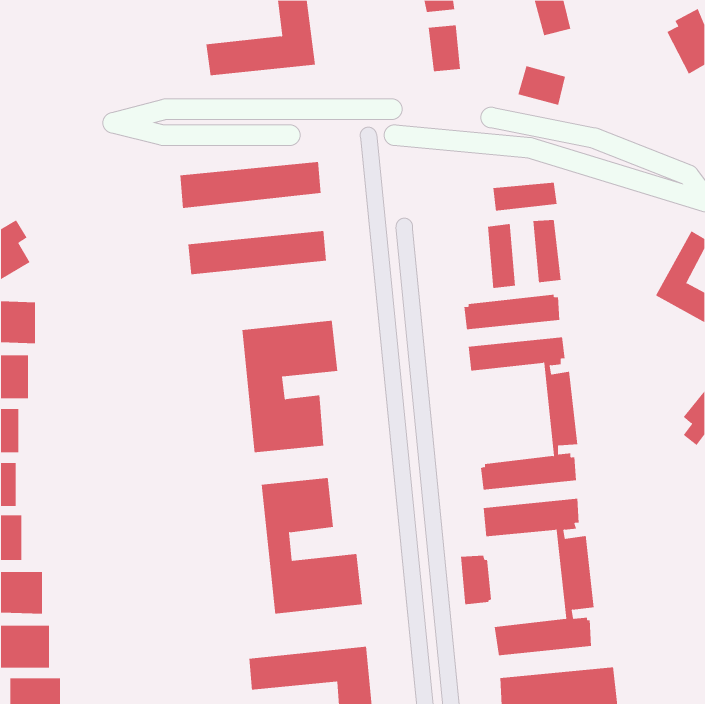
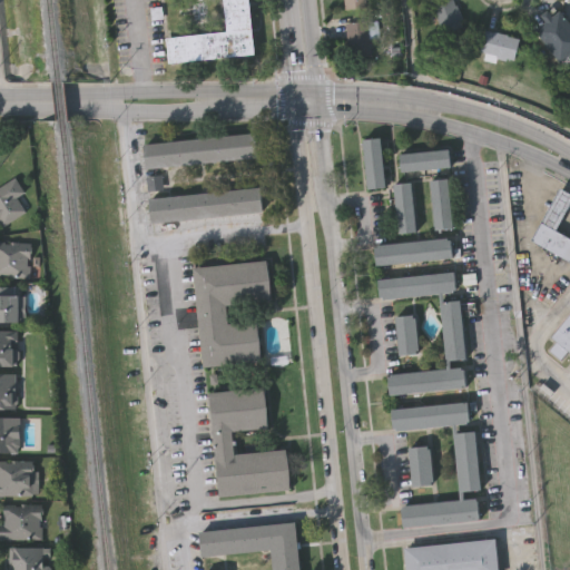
building: [518,65,566,105] -> [480,30,519,62]
building: none -> [361,137,385,188]
building: none -> [395,316,419,356]
building: [460,555,492,605] -> [406,445,432,485]

